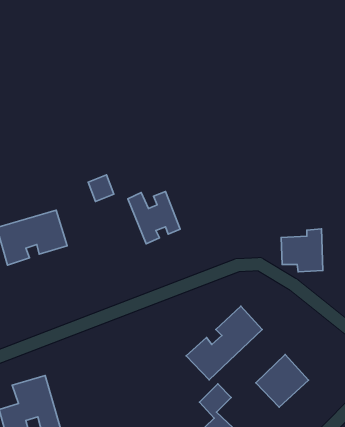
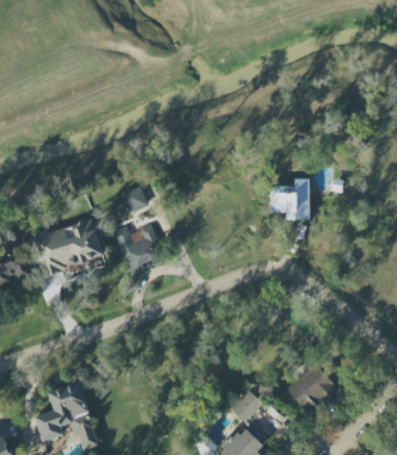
building: [128,191,180,244] -> [114,225,165,277]
building: [281,229,323,272] -> [269,178,310,220]
building: [186,306,262,380] -> none

